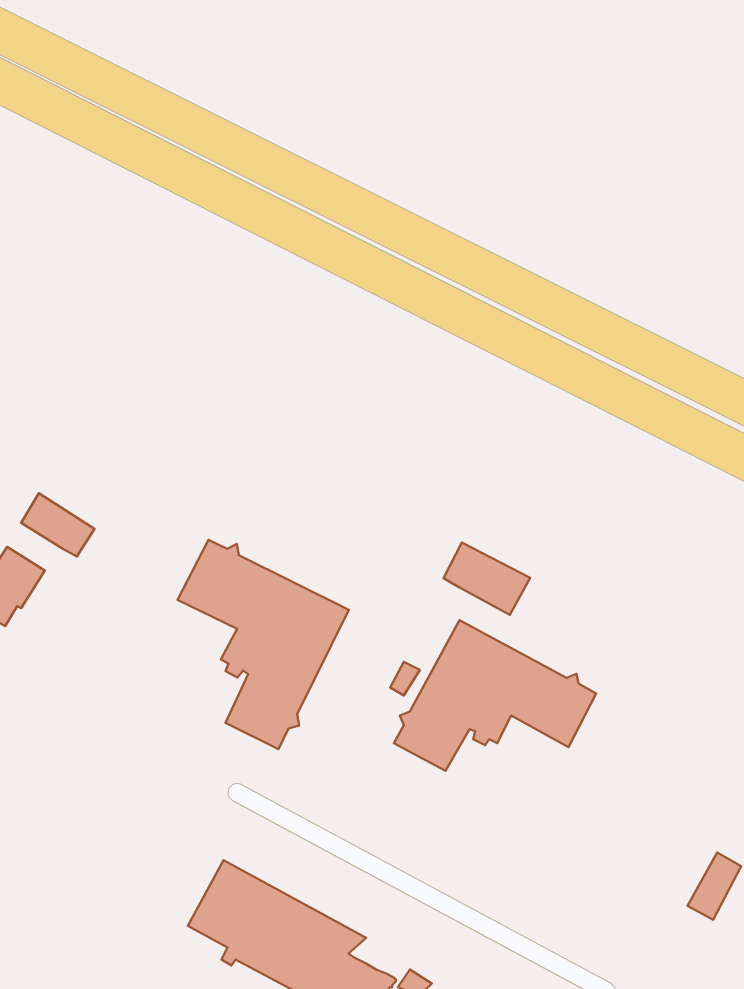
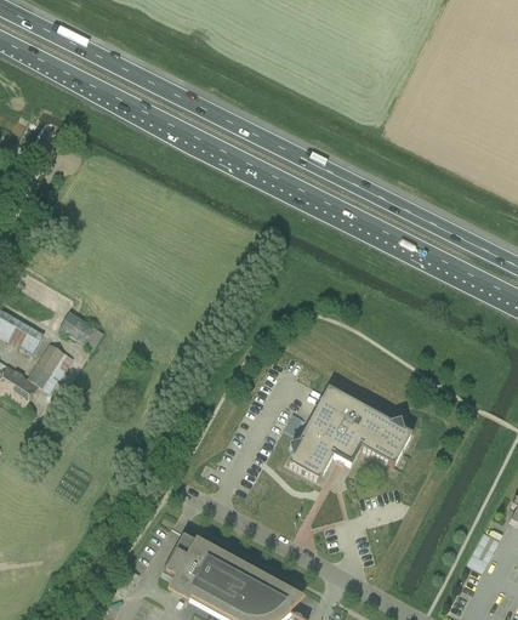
building: [177,540,349,749] -> none
building: [443,542,530,615] -> none

